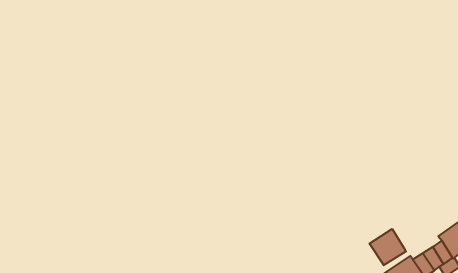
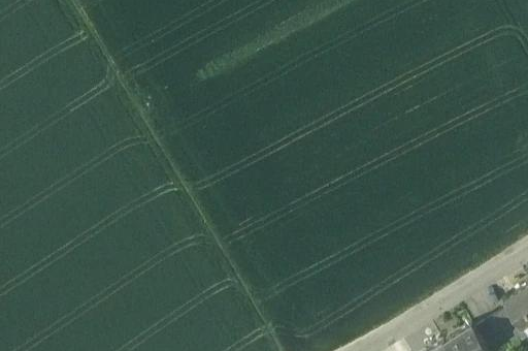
building: [370,229,406,265] -> none

